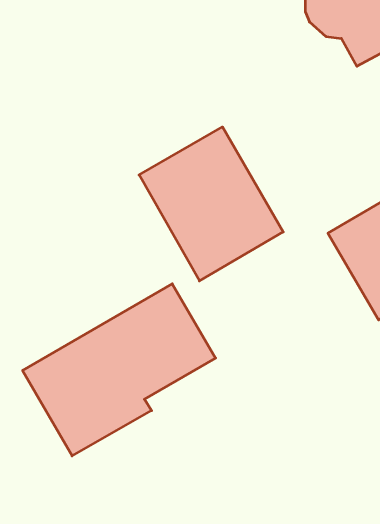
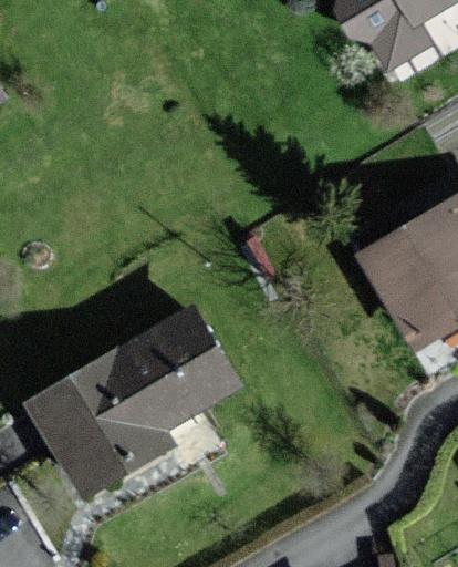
building: [139,127,283,281] -> none

